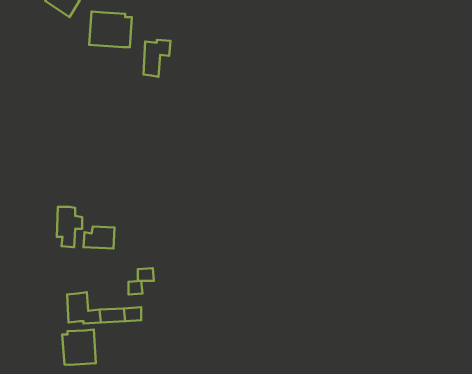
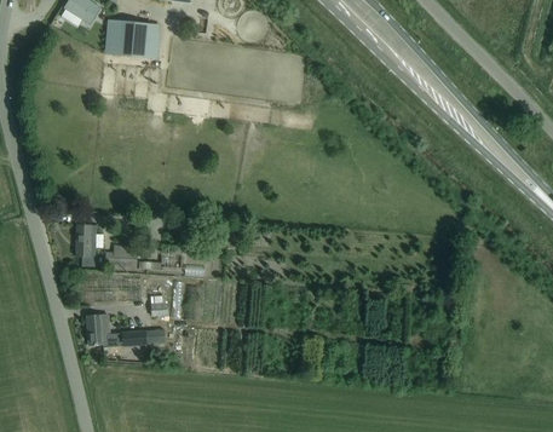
building: [143,40,170,77] -> none
building: [62,329,96,365] -> none

